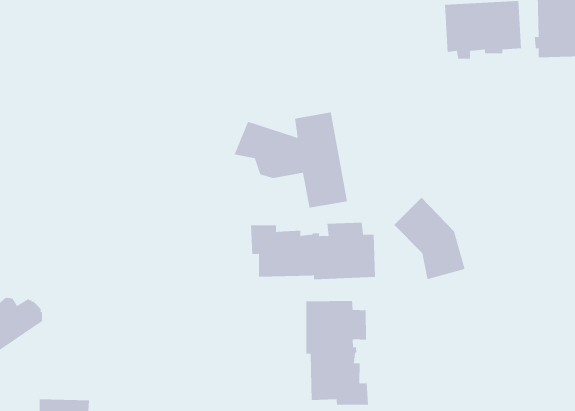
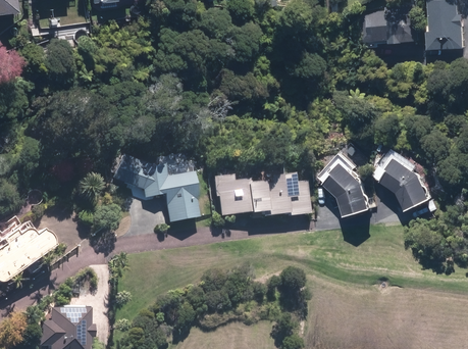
building: [234,112,348,208] -> [112,148,199,221]
building: none -> [375,147,437,210]
building: [306,300,369,406] -> none

